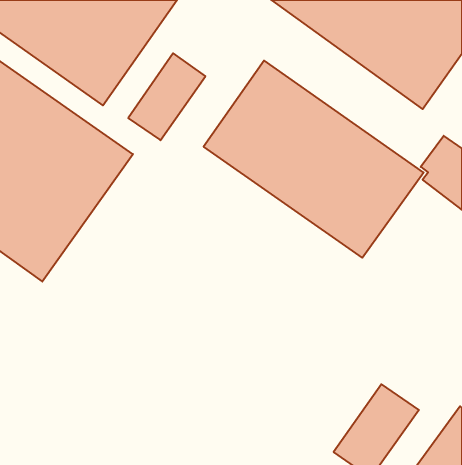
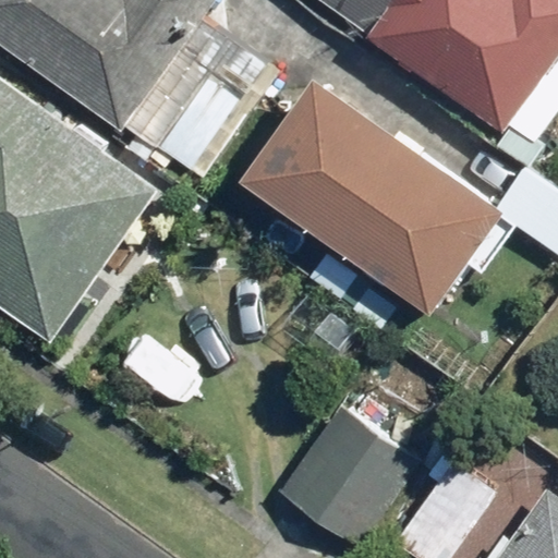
building: none -> [279,405,422,548]

